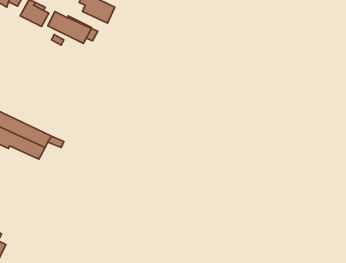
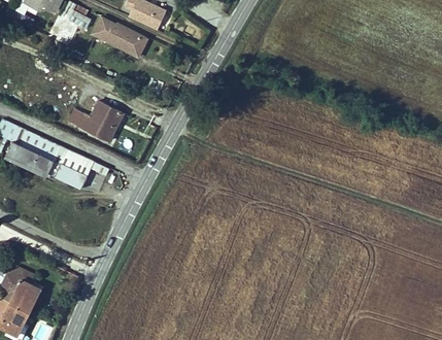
building: none -> [68,101,123,141]

